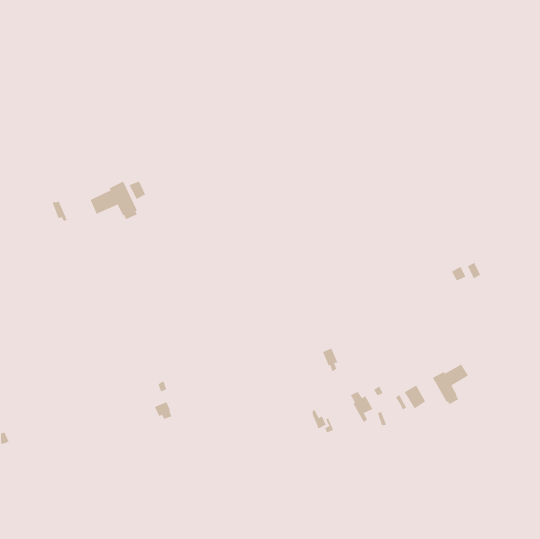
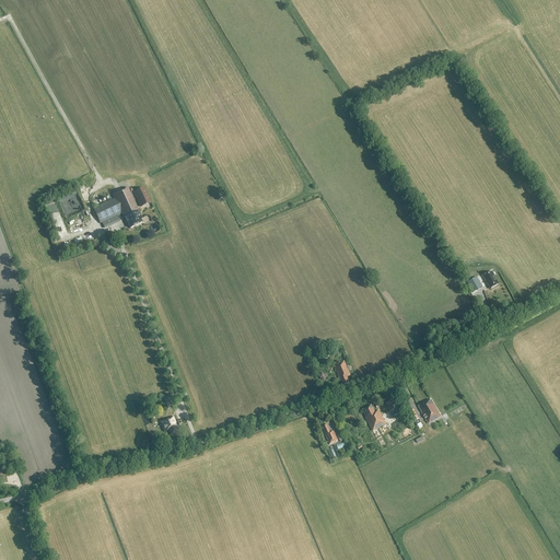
building: [432,364,469,405] -> none

